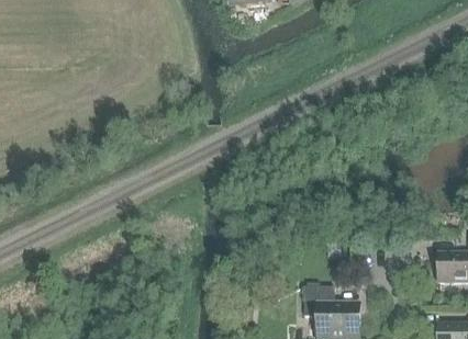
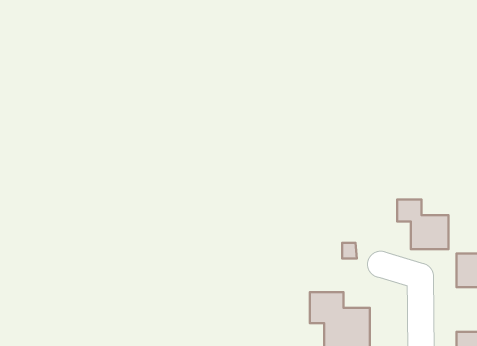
building: none -> [397,200,448,249]

